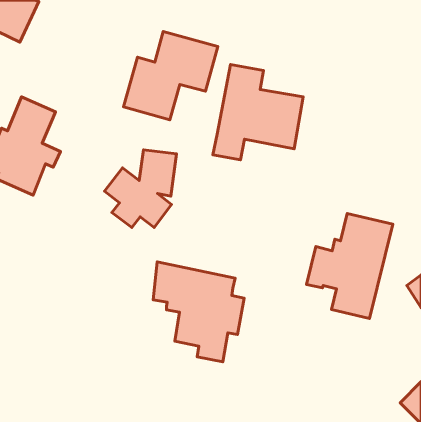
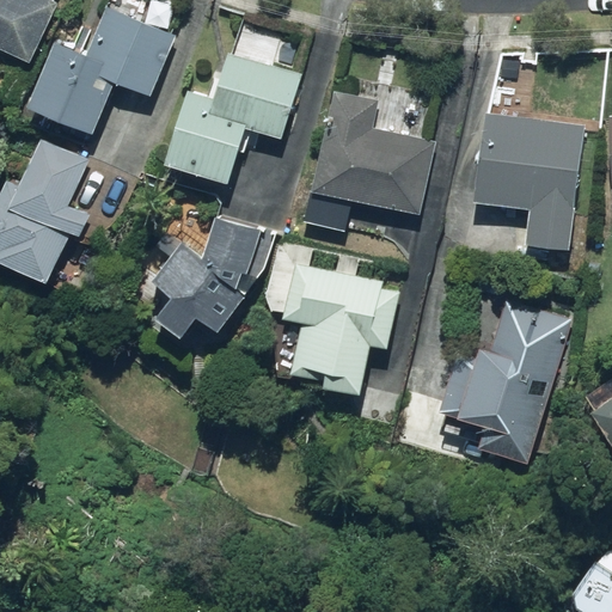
building: none -> [29,11,173,133]
building: none -> [476,115,582,249]
building: [153,262,244,362] -> [258,252,390,397]

